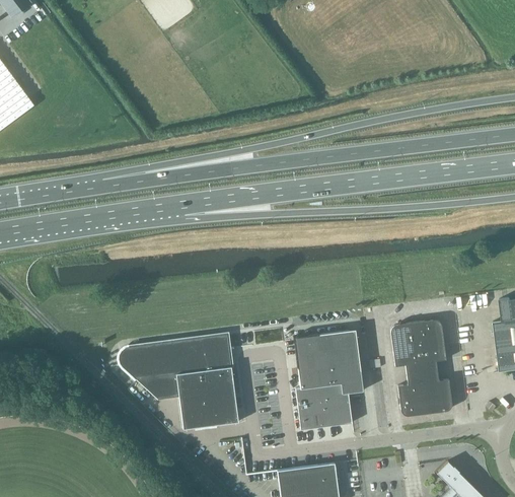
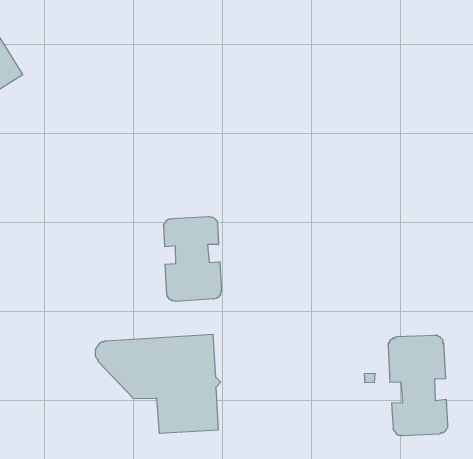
building: none -> [164,216,221,301]
building: [294,330,362,429] -> none

